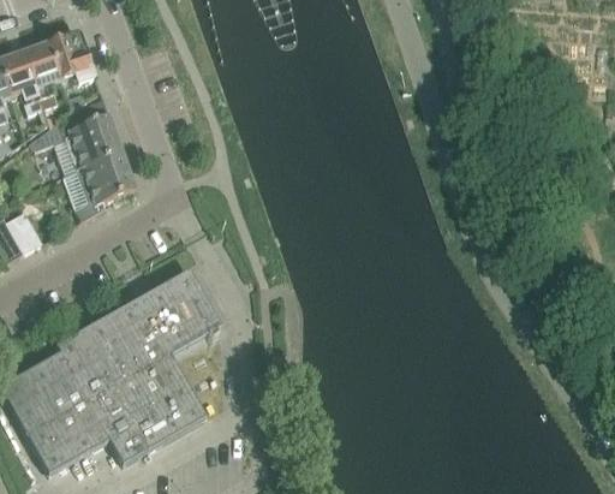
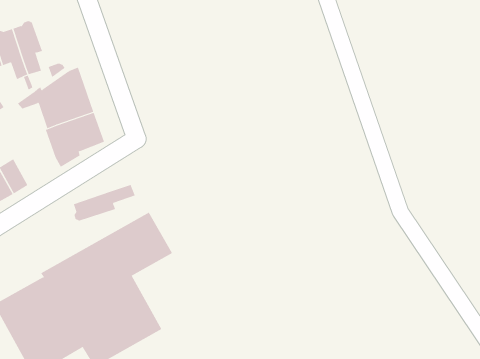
building: [46,31,94,84] -> none
building: none -> [73,184,136,221]

